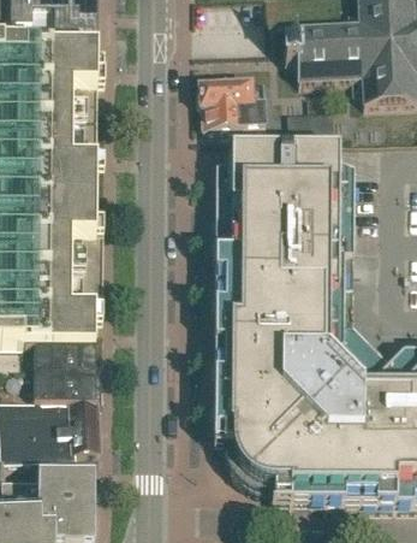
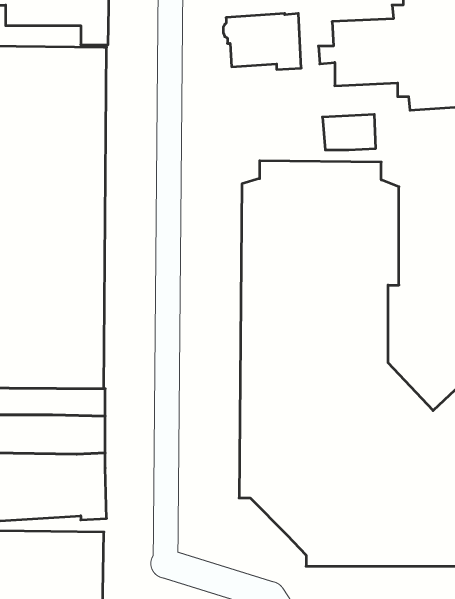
building: [197,75,266,124] -> [223,13,301,69]

